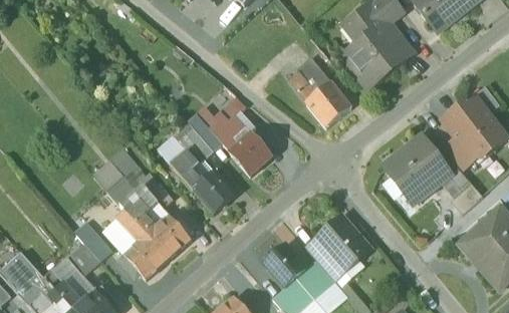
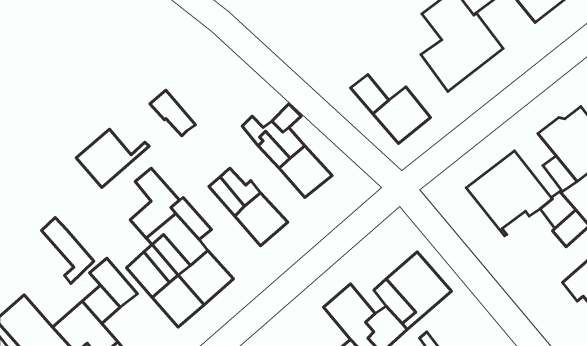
building: [298,58,332,93] -> none
building: none -> [76,129,149,188]
building: [176,125,213,163] -> [150,90,195,136]
building: none -> [41,218,94,284]

